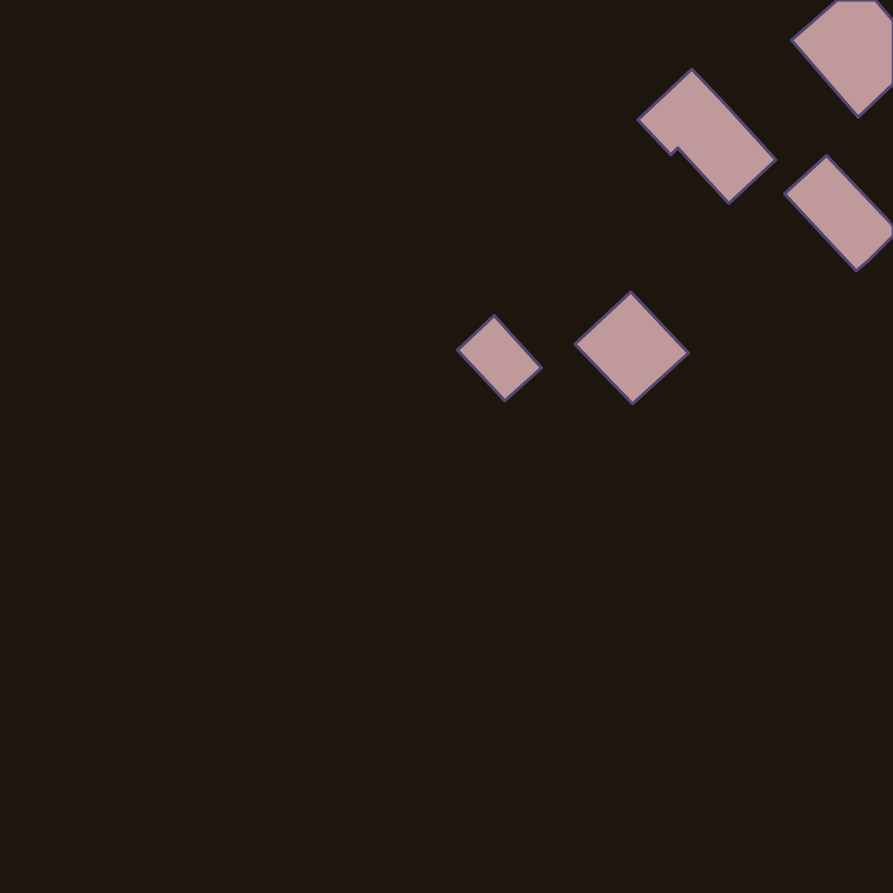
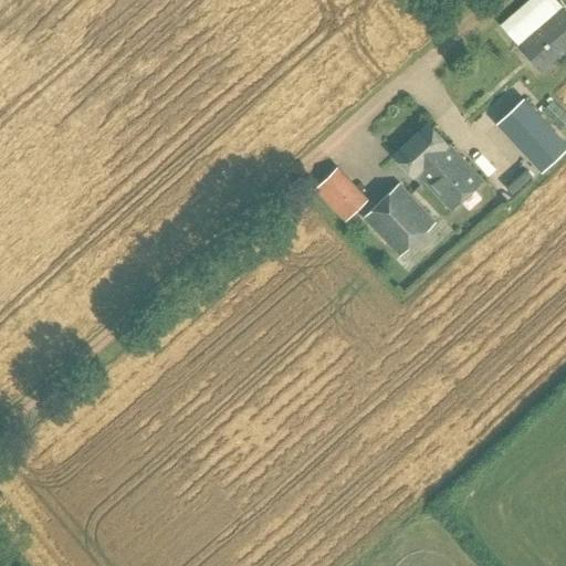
building: [638,69,776,204] -> [394,124,481,209]
building: [458,315,541,401] -> [315,168,368,222]

